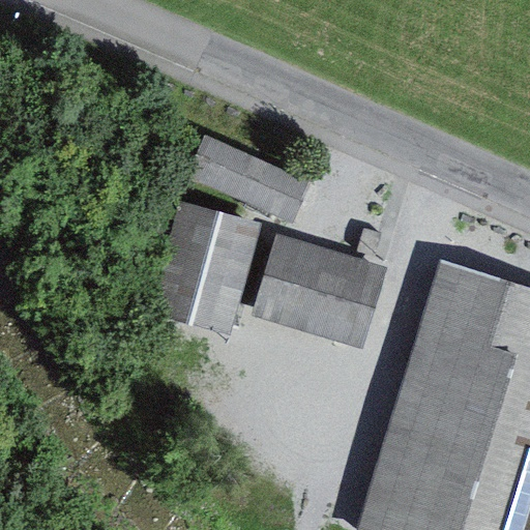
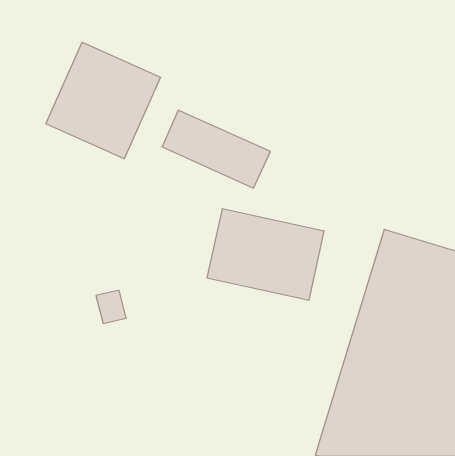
building: none -> [46,42,161,159]
building: [139,198,257,330] -> none

